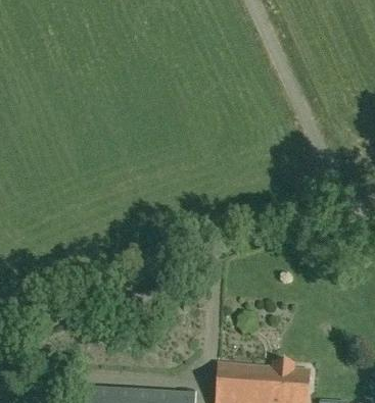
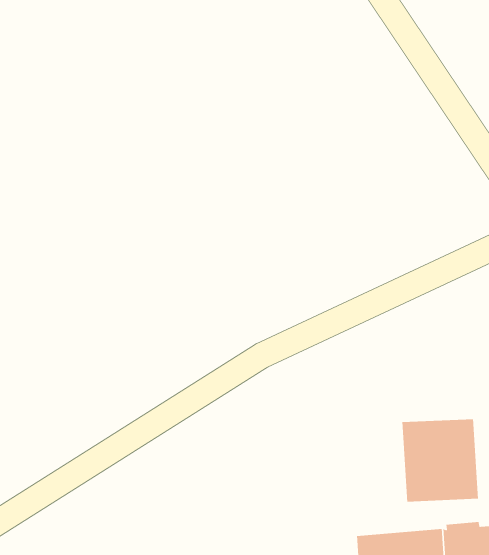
building: none -> [401,419,479,502]

